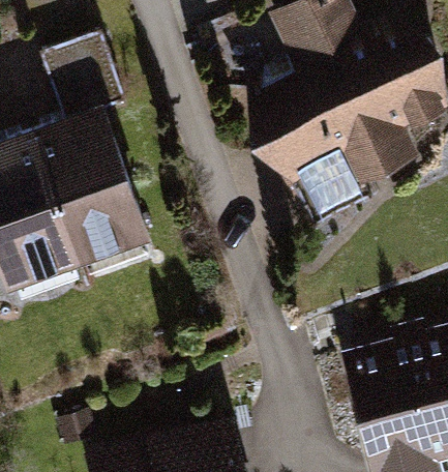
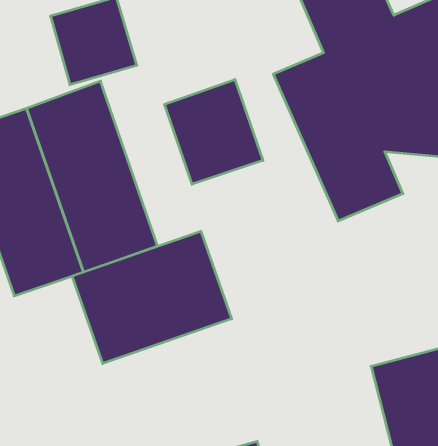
building: none -> [165,79,263,184]
building: none -> [72,231,232,364]

